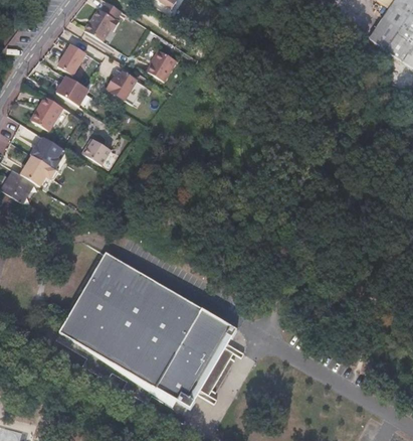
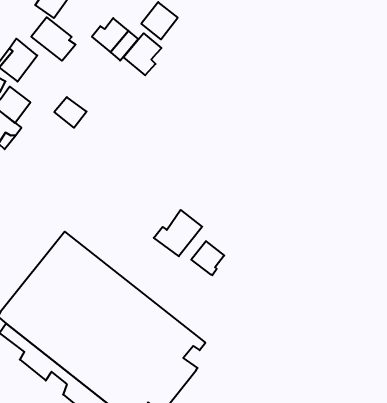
building: none -> [124,33,161,75]
building: none -> [154,210,202,256]
building: none -> [191,241,224,275]

